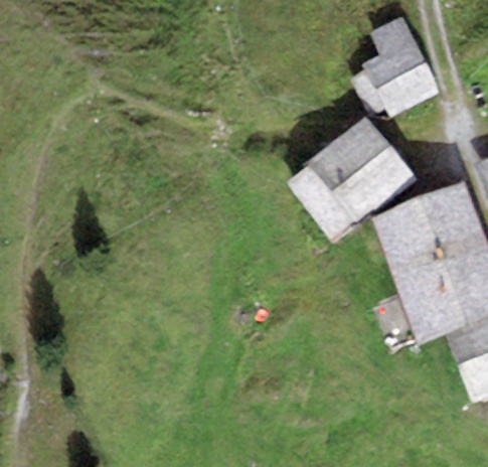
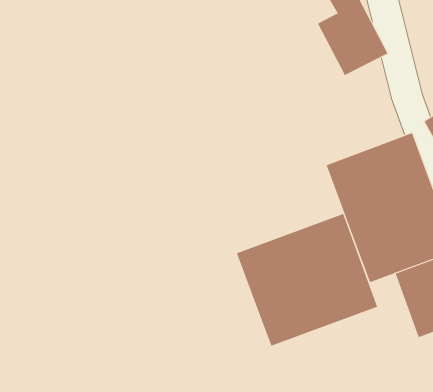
building: [304,116,415,222] -> none
building: none -> [236,213,378,346]

